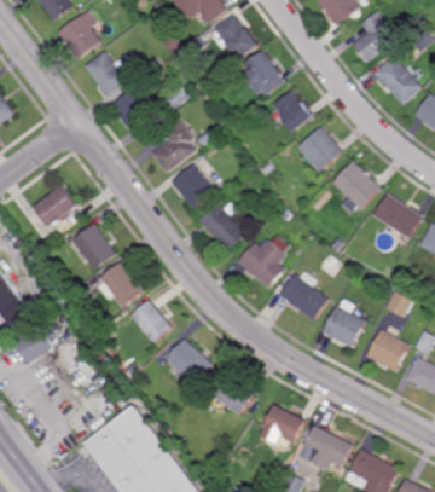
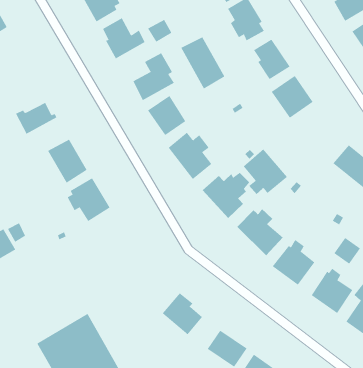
building: none -> [181,37,225,90]
building: [332,162,381,212] -> [243,148,288,195]
building: [132,299,174,341] -> none
building: [167,337,214,384] -> none

